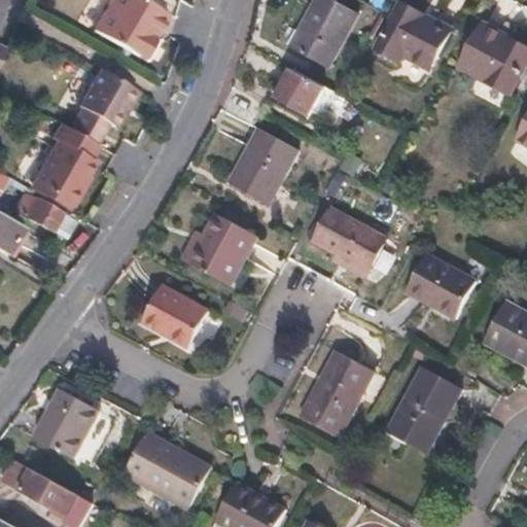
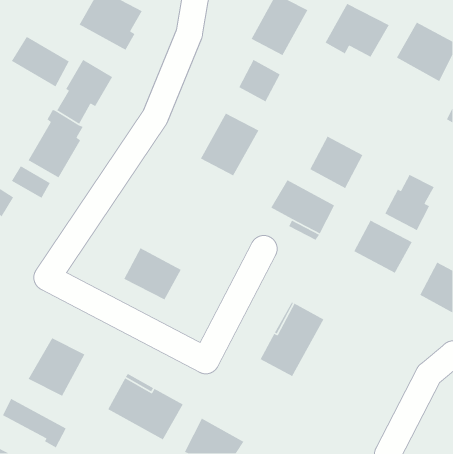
building: none -> [11,36,70,88]
building: none -> [309,135,363,189]
building: none -> [384,174,435,231]
building: [190,211,256,280] -> none
building: [387,366,460,452] -> none

